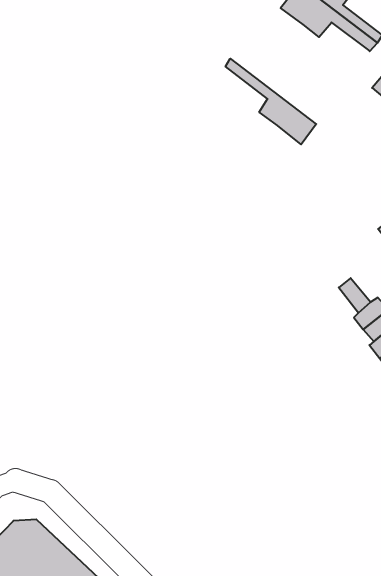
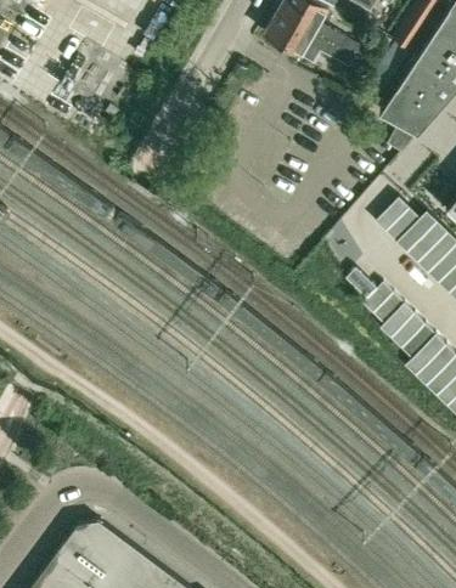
building: [226,59,316,144] -> none

